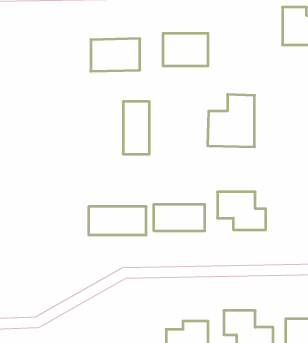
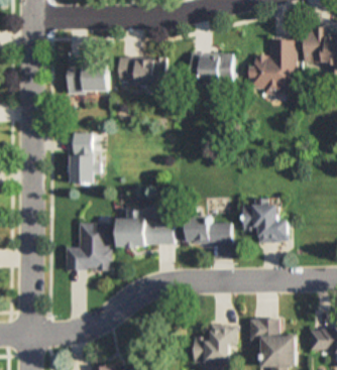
building: none -> [67,58,110,93]
building: [208,94,255,147] -> [249,39,295,90]
building: [123,102,149,154] -> [69,133,94,183]
building: none -> [65,222,109,271]

